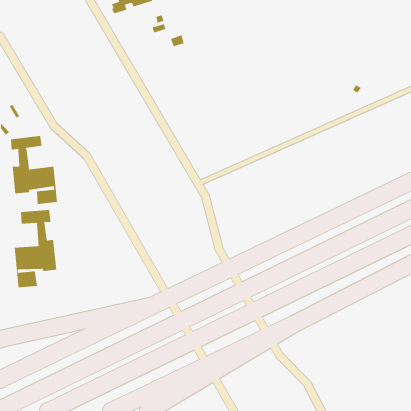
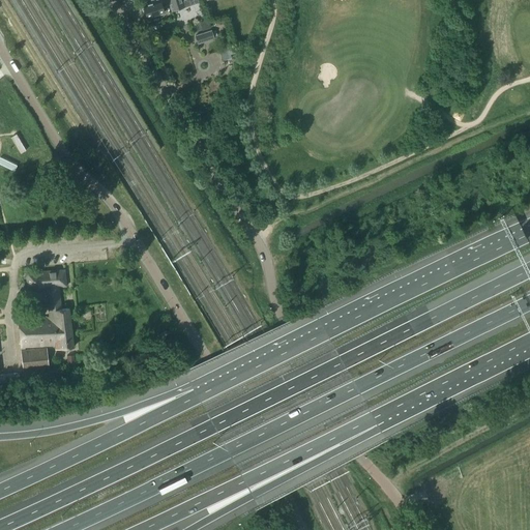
building: [10,135,57,205] -> none

